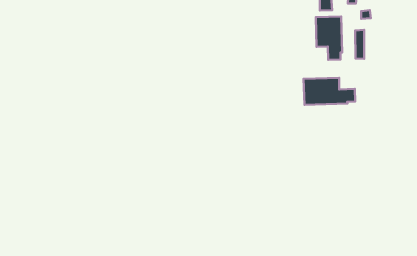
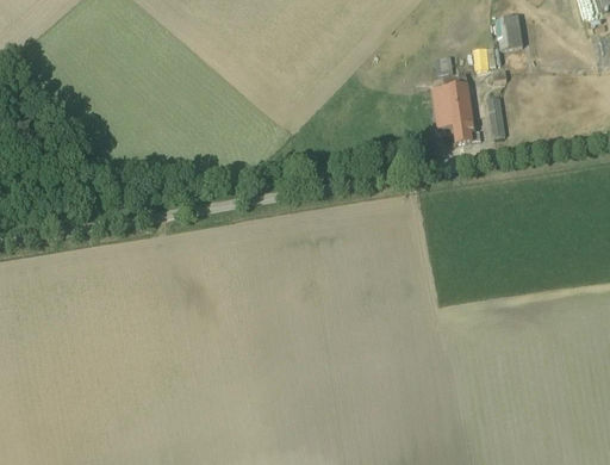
building: [304,78,355,105] -> none

